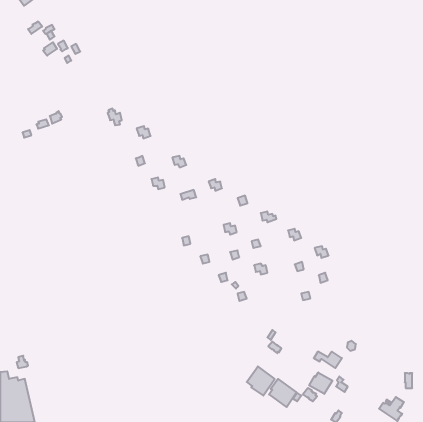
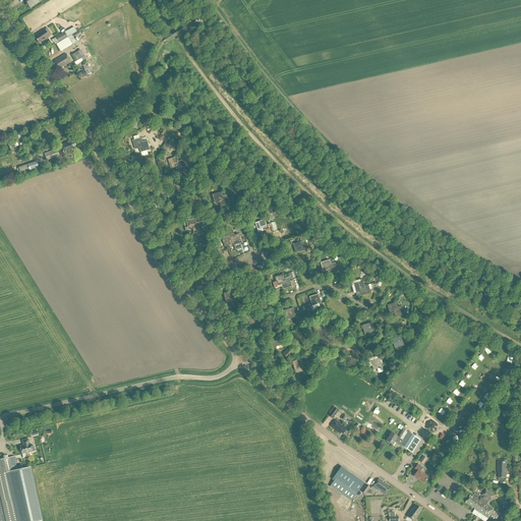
building: [247,366,275,396] -> none
building: [309,372,332,394] -> none

